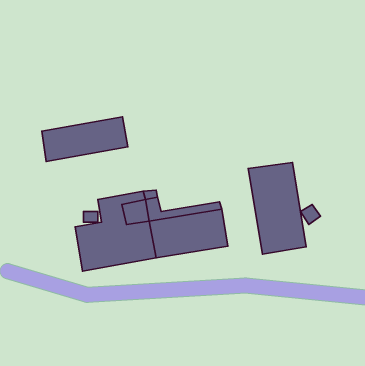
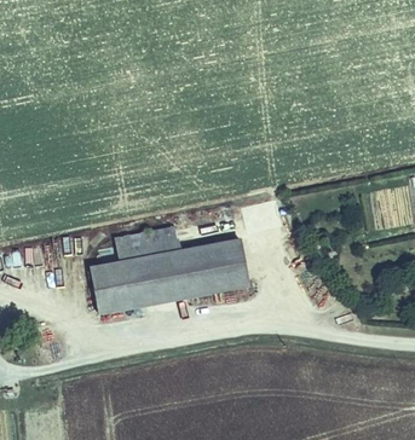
building: [42,117,128,161] -> none
building: [248,163,306,254] -> none

